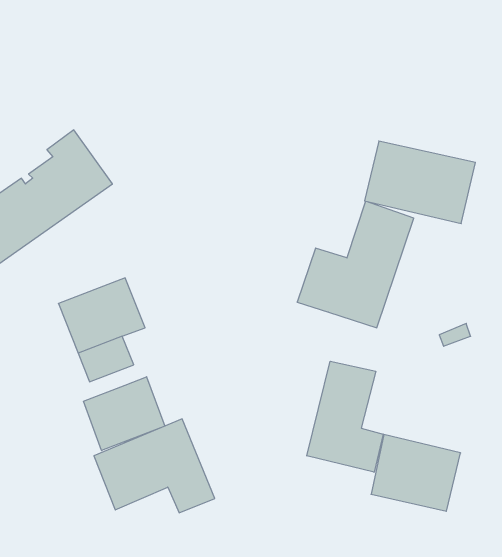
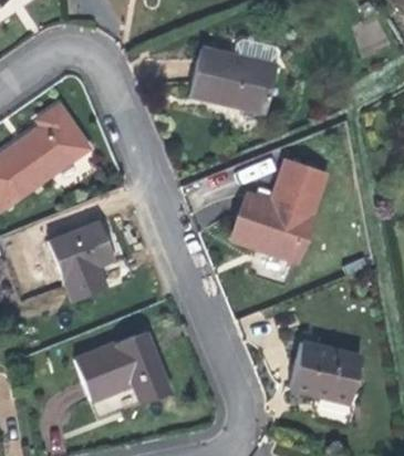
building: [365,141,475,224] -> [190,48,277,112]
building: [307,361,383,472] -> none
building: [83,377,165,451] -> none

